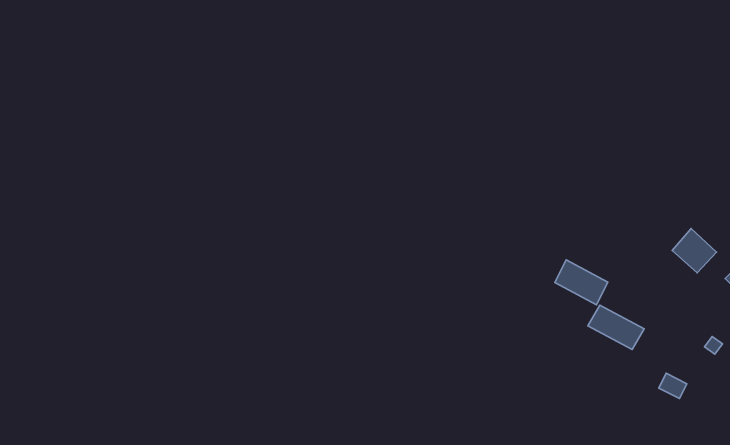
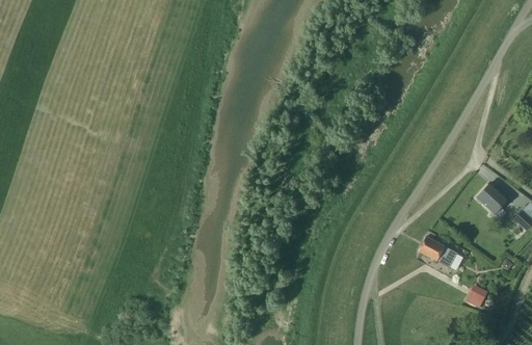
building: [555,260,608,305] -> none

